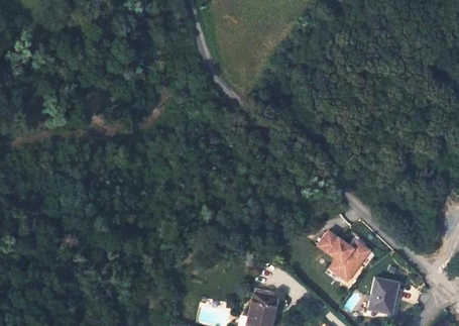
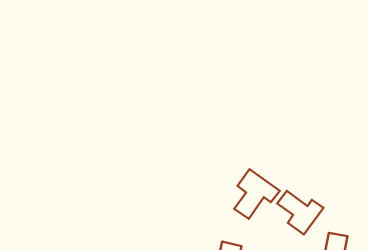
building: none -> [234,169,280,219]

